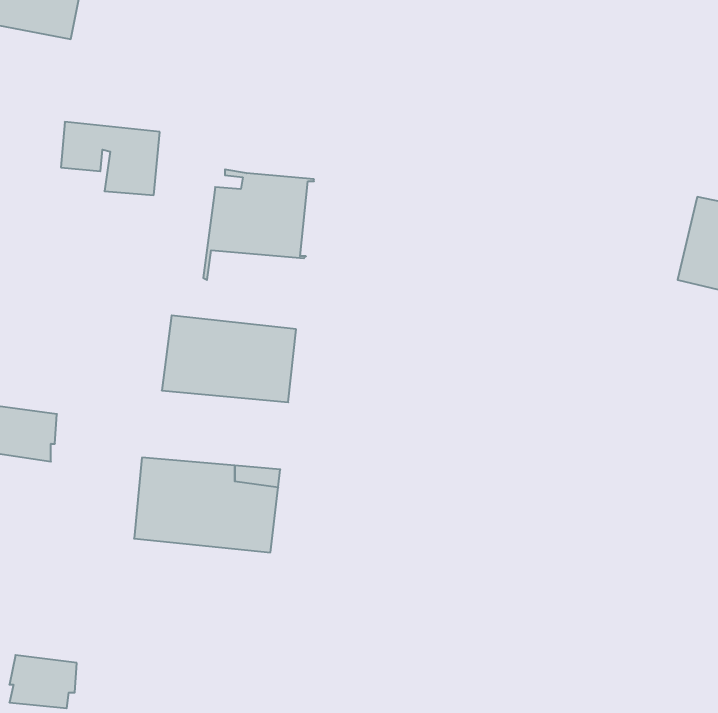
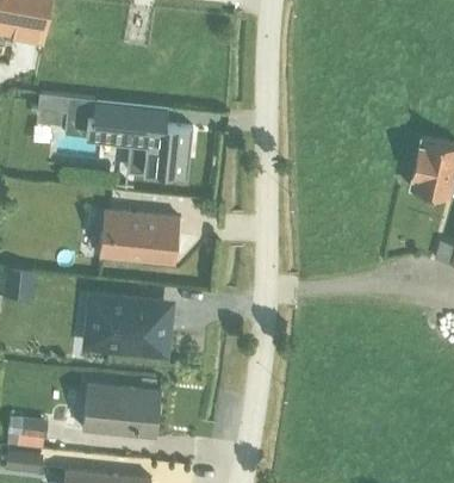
building: none -> [94,99,153,142]
building: none -> [82,383,162,436]

